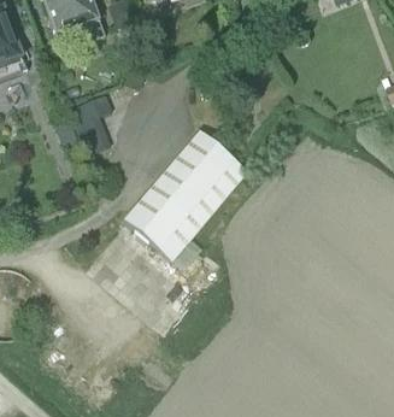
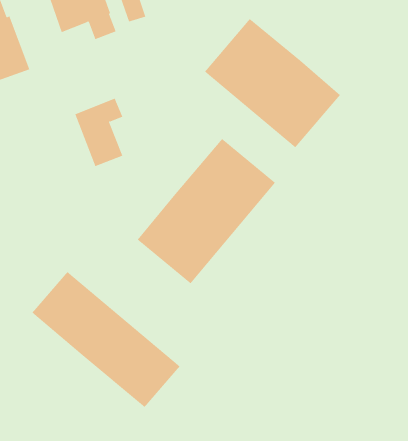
building: none -> [204,18,341,148]
building: none -> [32,271,180,408]

